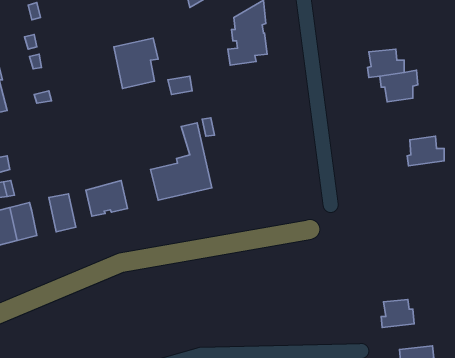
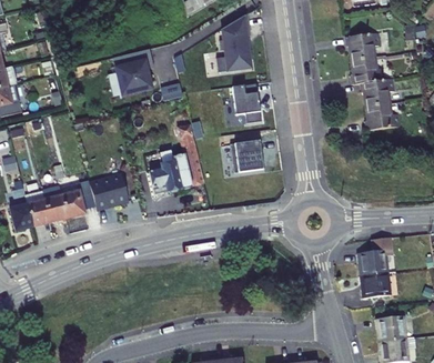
building: none -> [342,29,375,57]
building: none -> [235,80,264,120]
building: [407,136,444,166] -> [362,99,395,125]
building: none -> [234,138,268,171]
building: none -> [42,189,64,223]
building: none -> [355,258,385,283]

